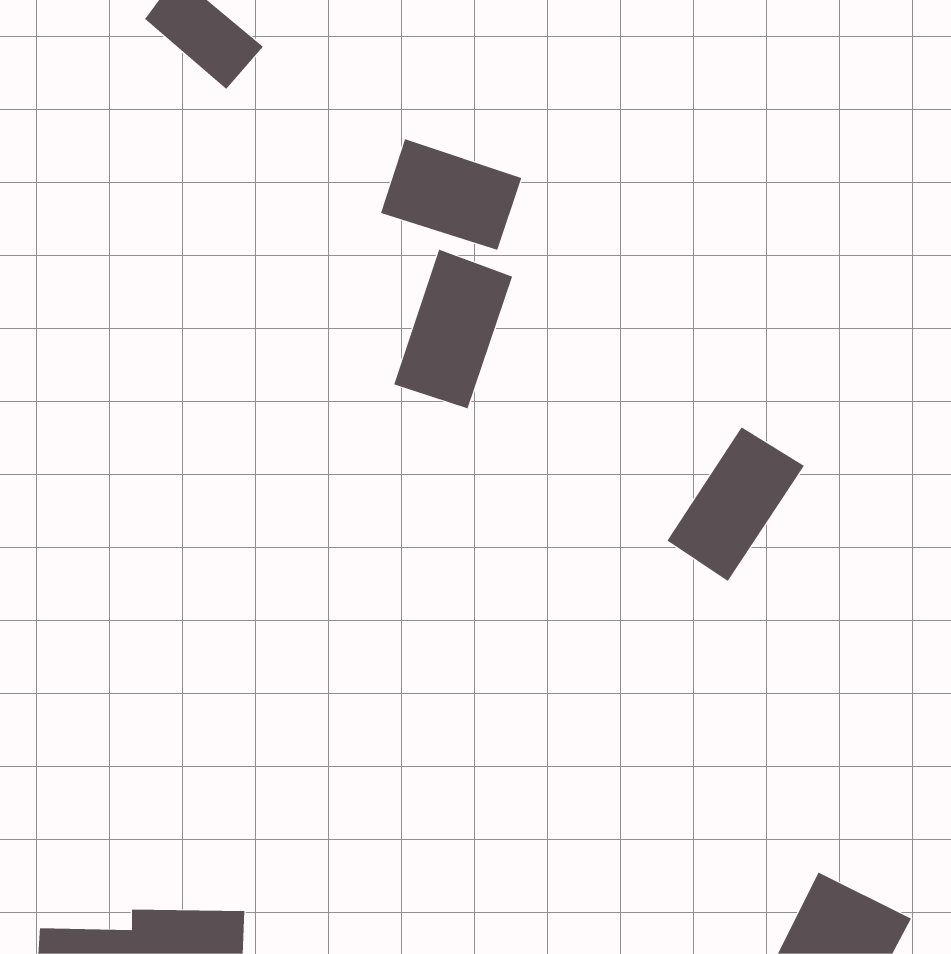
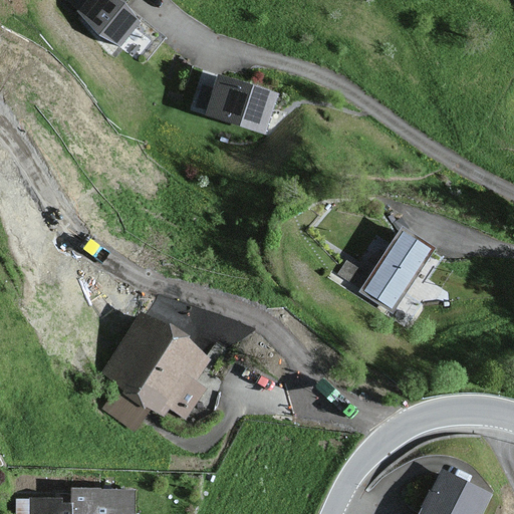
building: [394,249,513,409] -> none
building: none -> [100,312,210,427]

